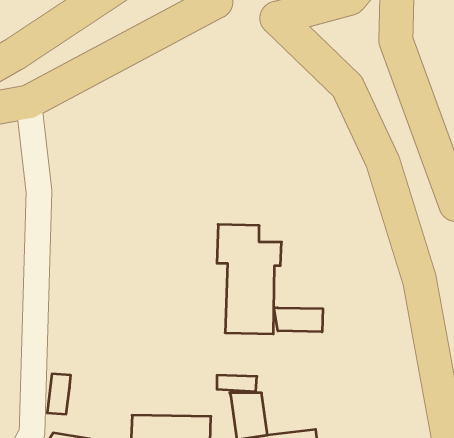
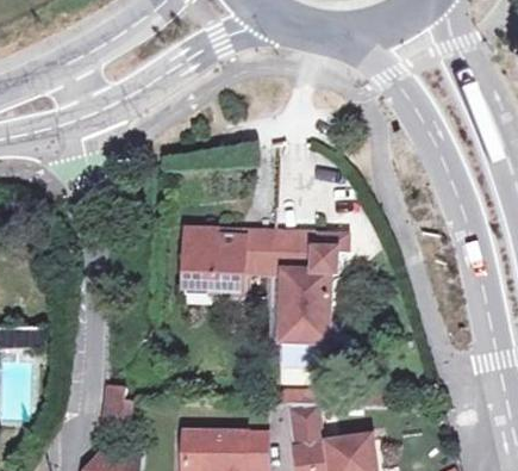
building: none -> [186,231,274,298]
building: [274,307,323,332] -> none

